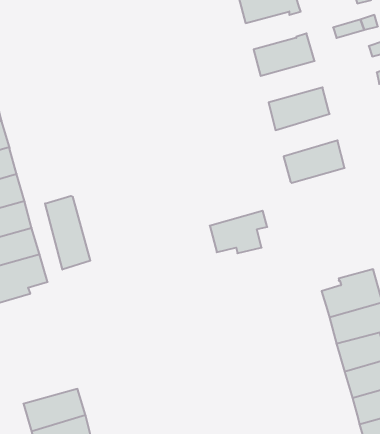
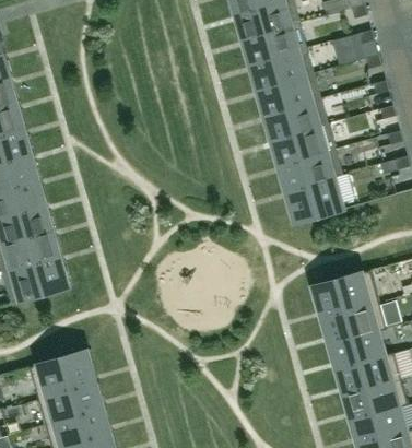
building: none -> [248,26,296,62]
building: none -> [262,73,321,113]
building: none -> [276,123,336,164]
building: [45,196,90,270] -> none
building: [210,211,267,253] -> [292,175,346,215]
building: none -> [28,358,89,399]

